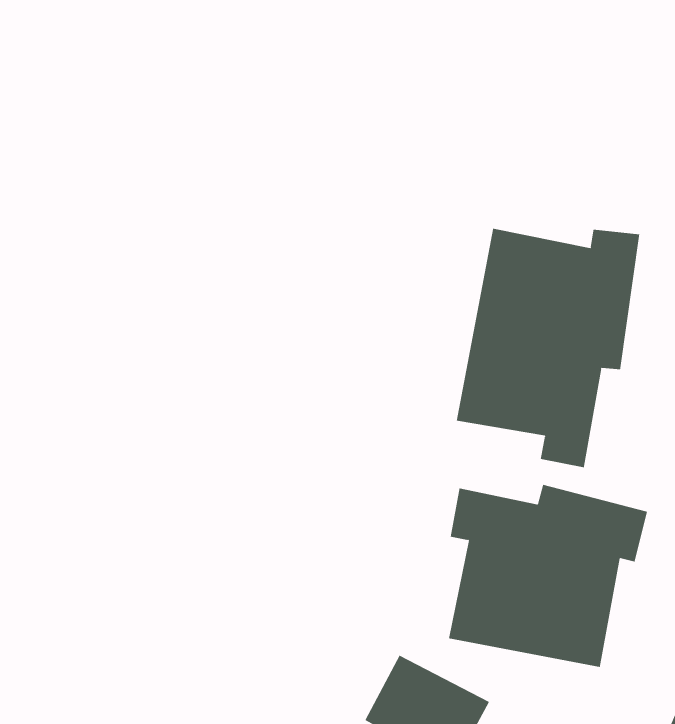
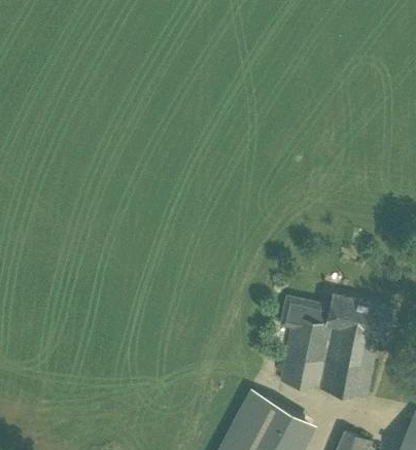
building: [456,228,640,468] -> none

